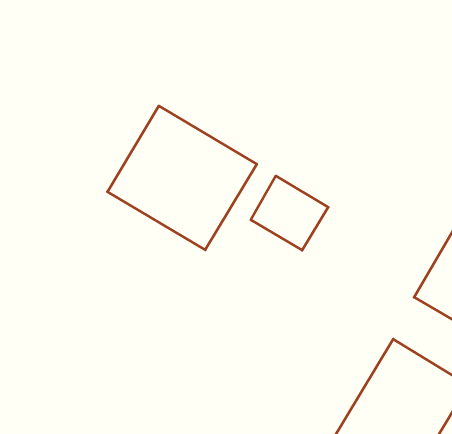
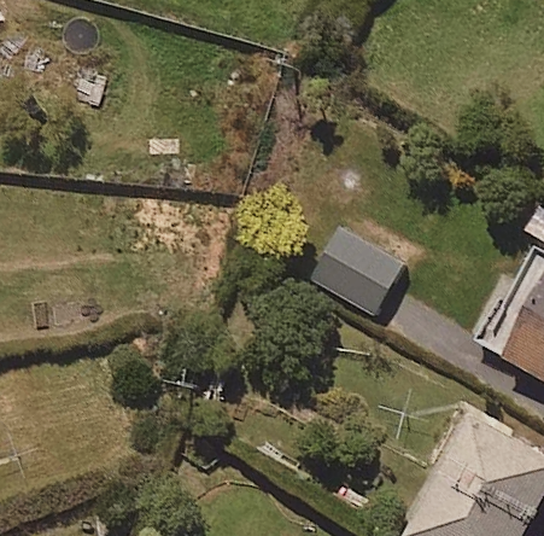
building: [107,106,257,250] -> none

